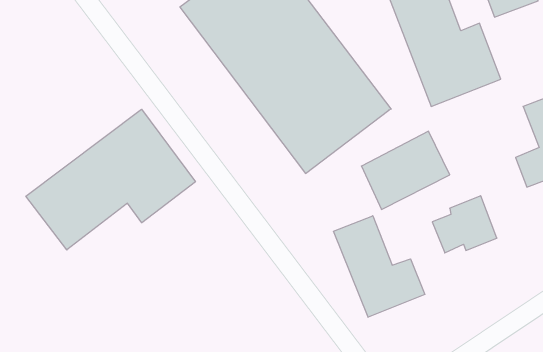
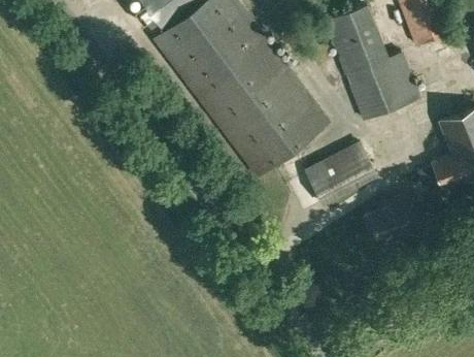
building: [26,109,195,250] -> none
building: [334,216,425,317] -> none

